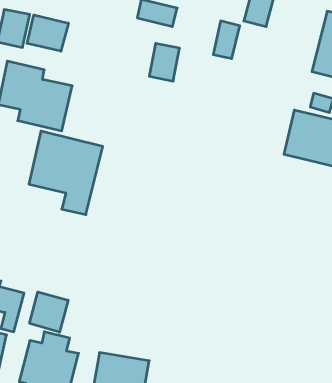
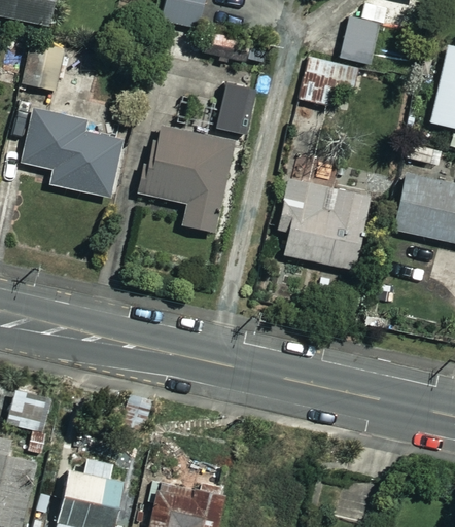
building: [27,15,68,51] -> none
building: none -> [280,178,365,268]
building: [29,131,103,215] -> [140,125,235,232]
building: [30,292,68,332] -> none

